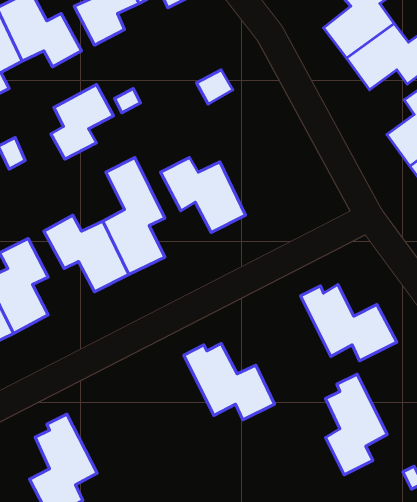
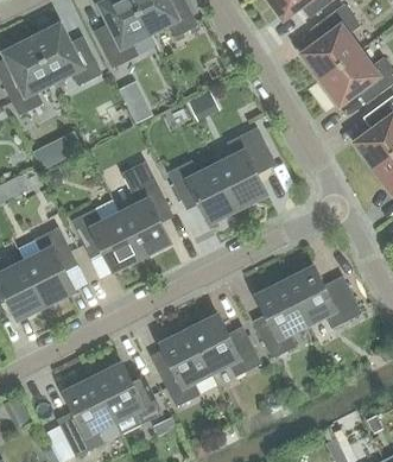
building: [51,85,113,159] -> none
building: none -> [216,127,273,208]
building: none -> [160,323,211,406]
building: [325,374,387,475] -> [256,274,308,357]
building: none -> [90,362,163,425]

